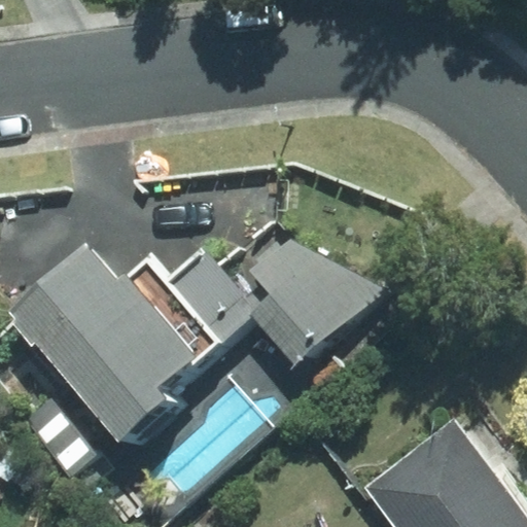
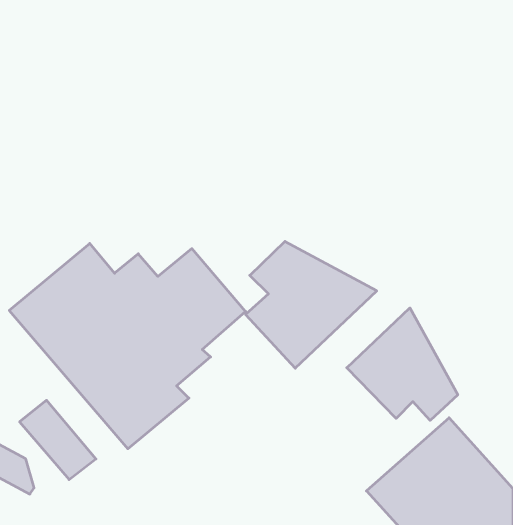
building: none -> [347,308,458,420]

